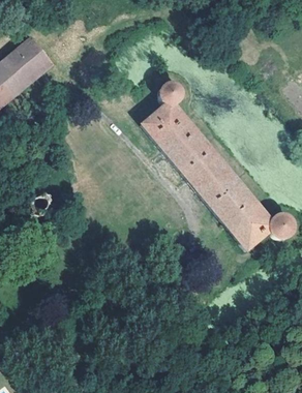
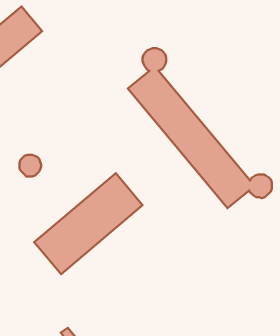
building: none -> [34,173,143,274]

